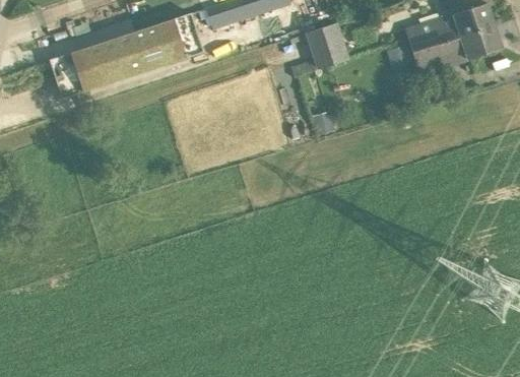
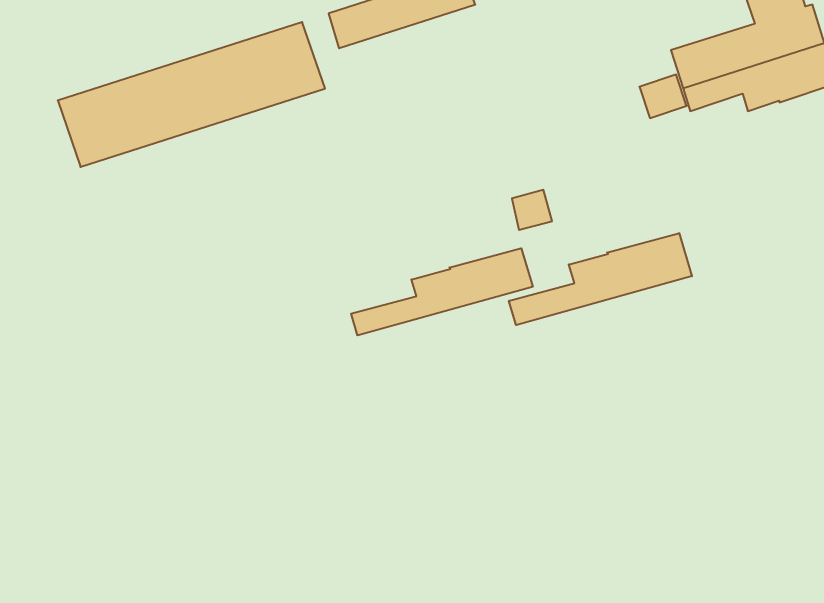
building: [309,21,349,69] -> none
building: none -> [509,233,692,325]
building: none -> [351,248,533,335]

